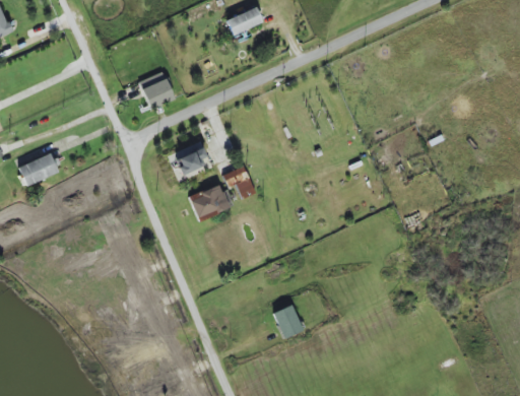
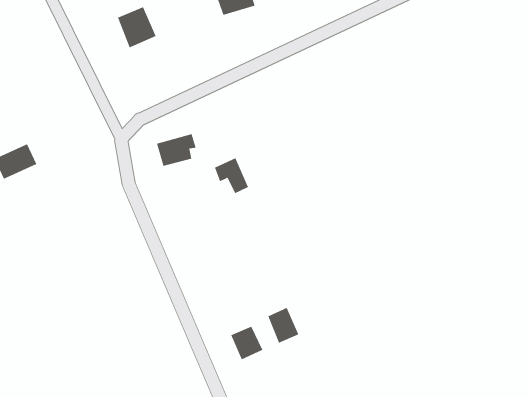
building: [139,71,176,110] -> [117,7,157,48]
building: [189,184,235,221] -> none
building: none -> [231,326,263,360]

